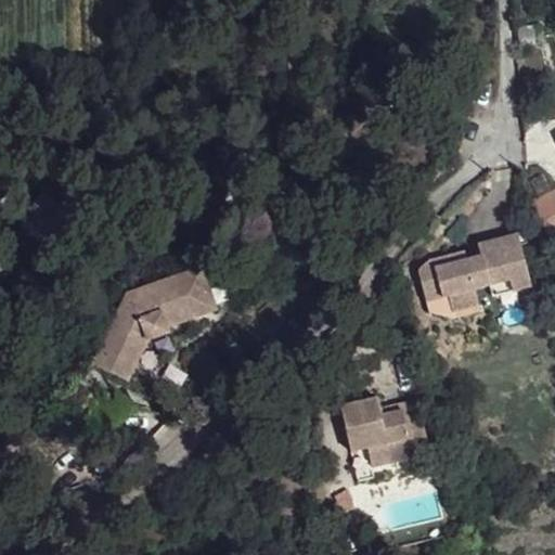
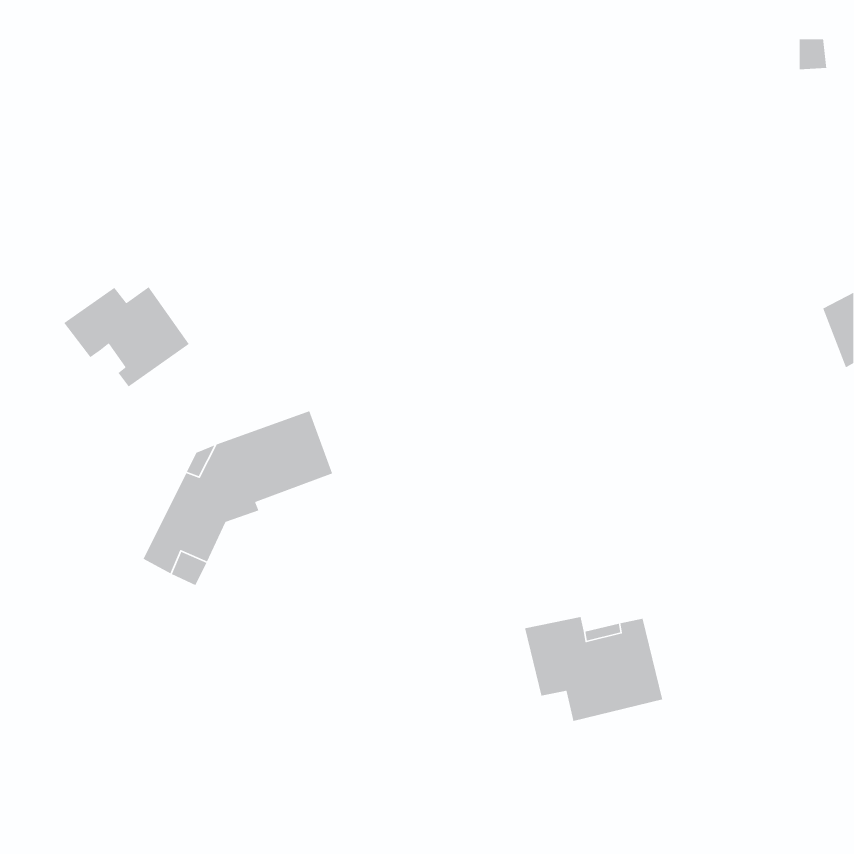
building: none -> [63,286,190,387]
building: [417,233,530,311] -> none

